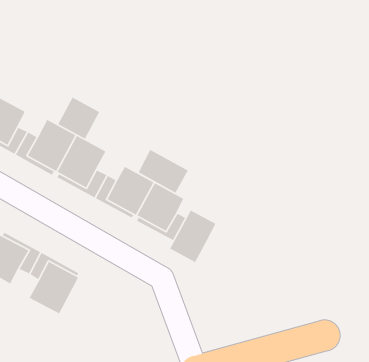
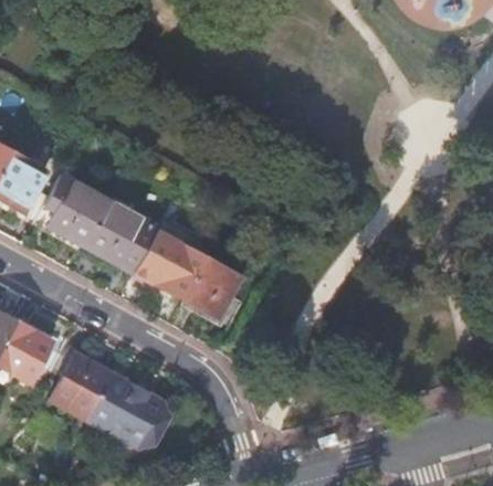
building: [57,97,100,140] -> none
building: [138,149,189,194] -> none
building: [169,210,217,263] -> none
building: none -> [86,370,161,443]

